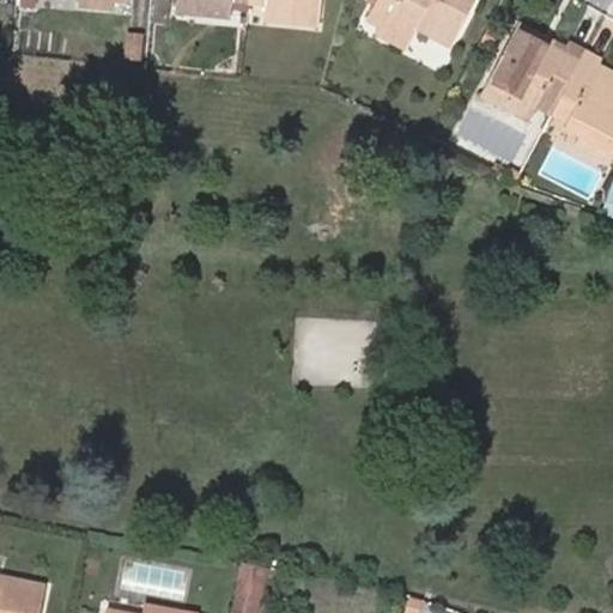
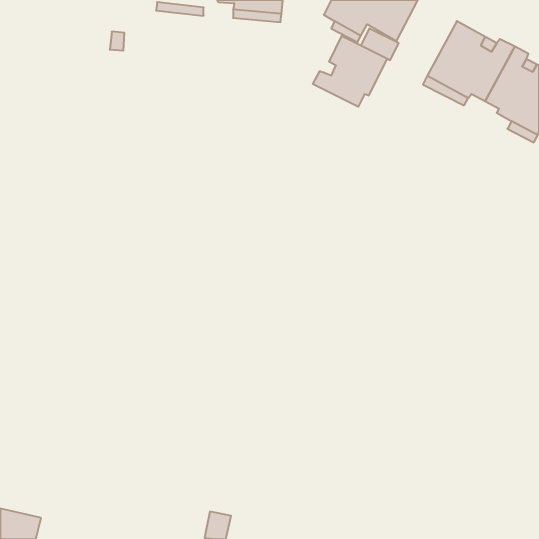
building: none -> [313,36,387,107]

